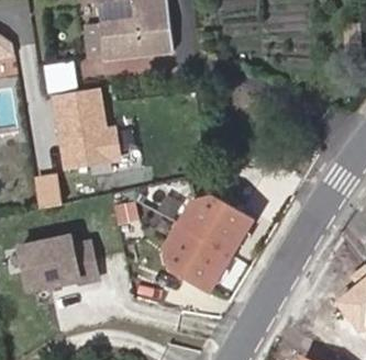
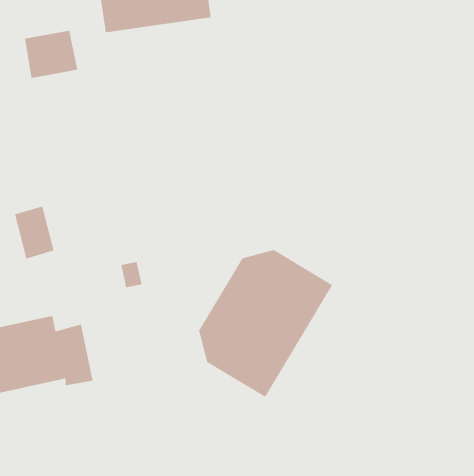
building: [56,81,132,167] -> none

